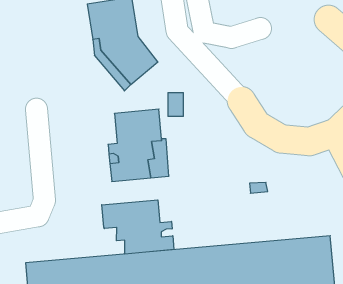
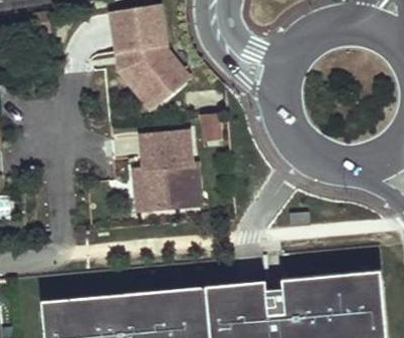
building: [102,200,174,254] -> none

